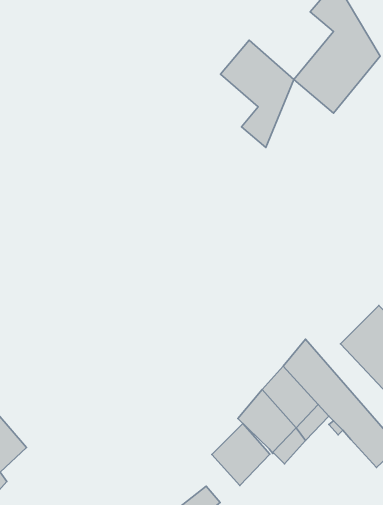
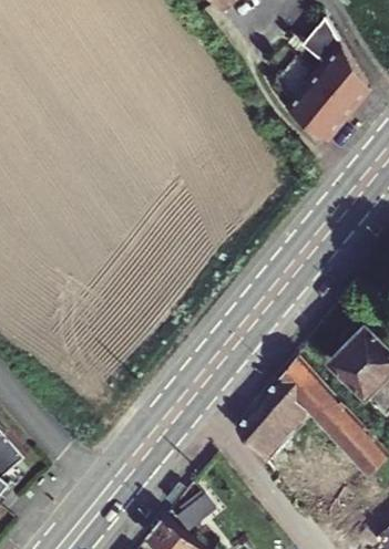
building: [221,40,294,148] -> none
building: [212,423,270,485] -> none

